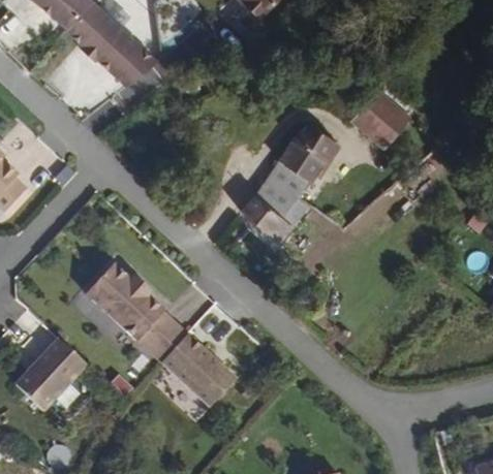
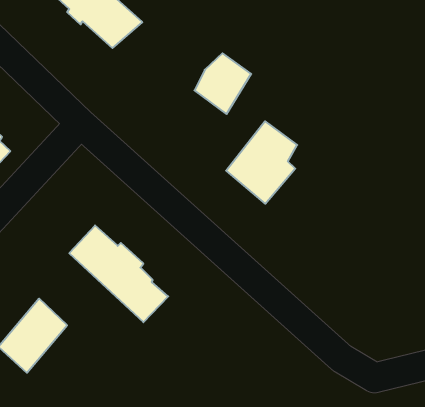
building: [351,89,411,149] -> none
building: [282,122,339,183] -> [194,53,251,114]
building: [158,335,234,407] -> none

